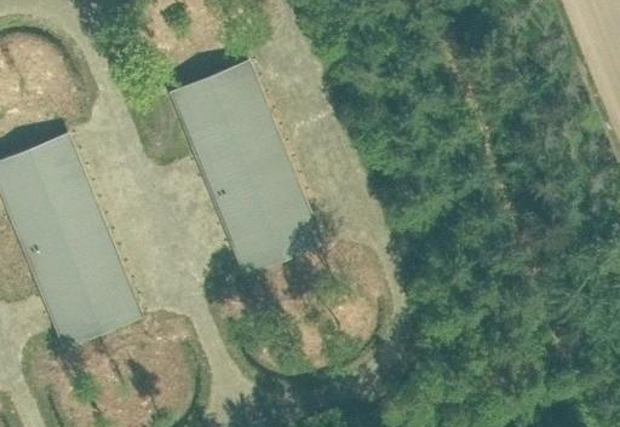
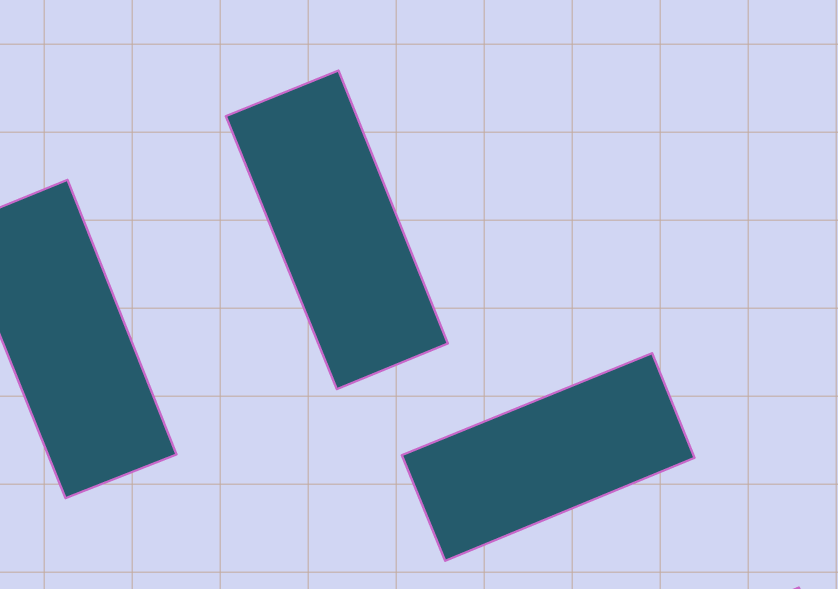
building: none -> [402,353,694,561]

